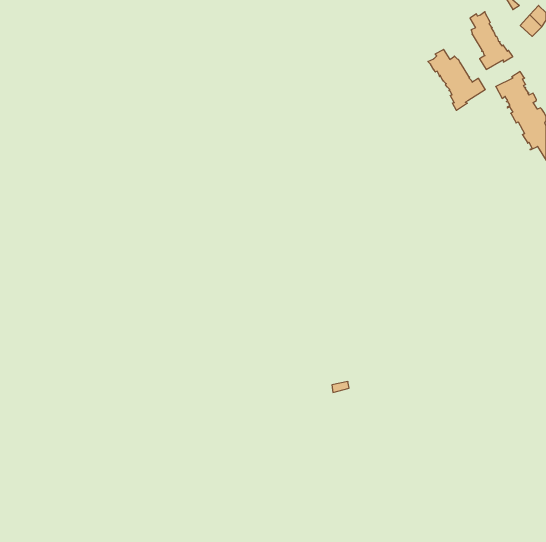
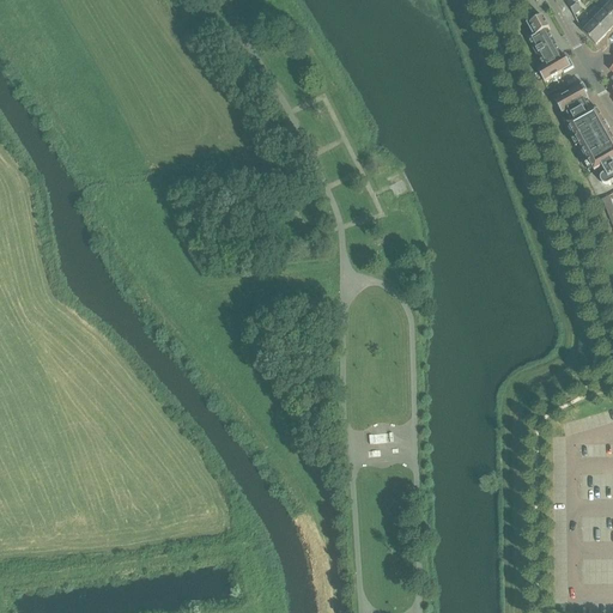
building: [428,49,485,110] -> none

